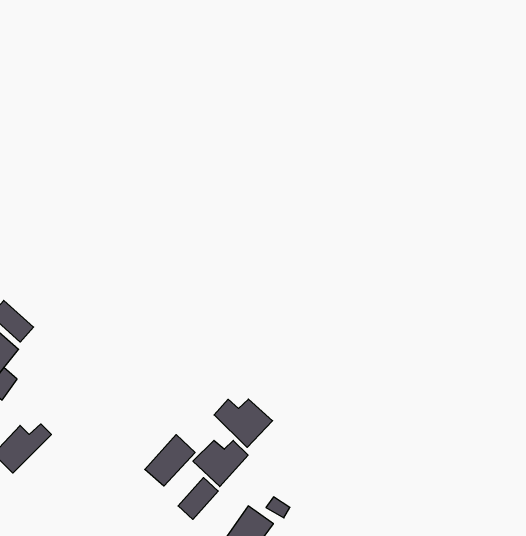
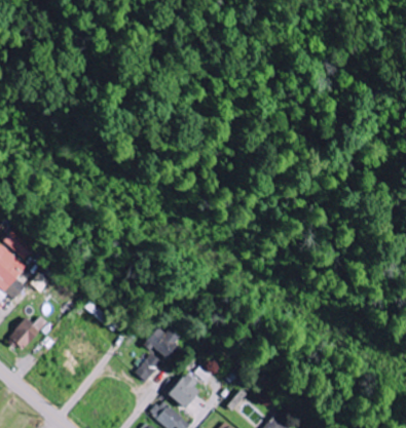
building: [214,399,273,447] -> none
building: [145,435,195,486] -> none

